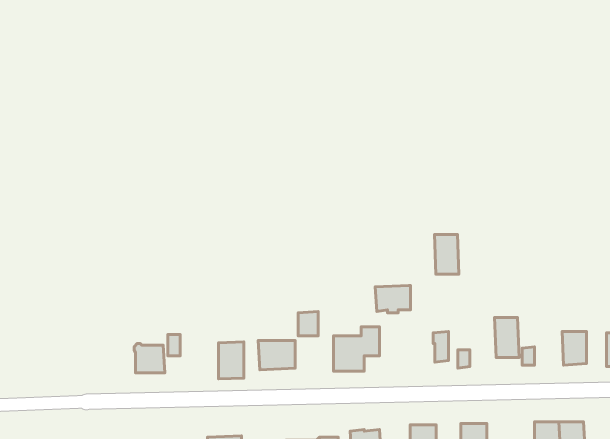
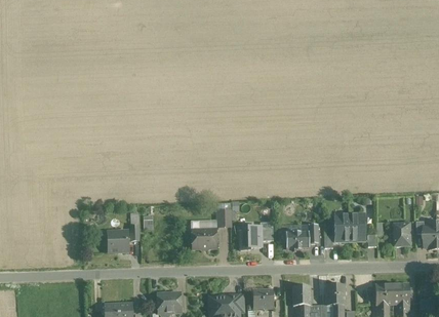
building: [434,234,459,274] -> [333,213,350,240]
building: [375,285,410,313] -> [285,231,309,249]
building: [219,342,244,379] -> none

